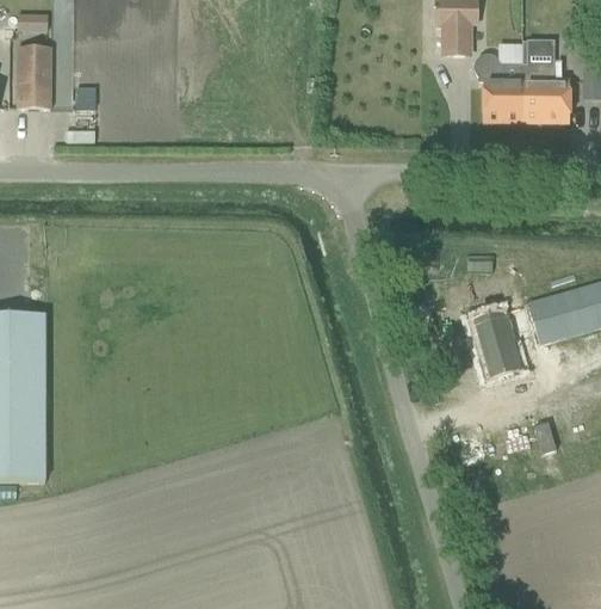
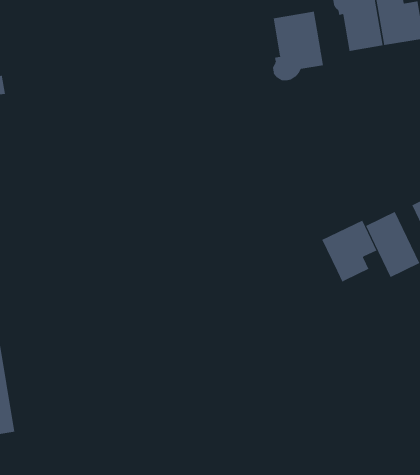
building: none -> [272,11,324,81]
building: none -> [321,220,377,282]

